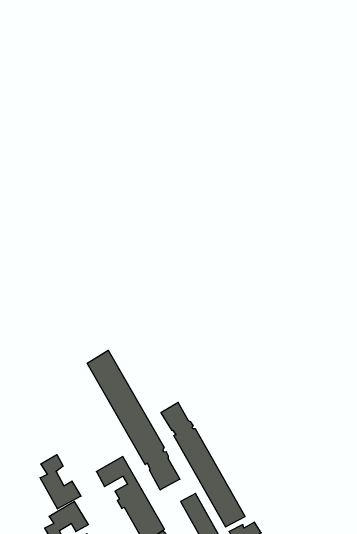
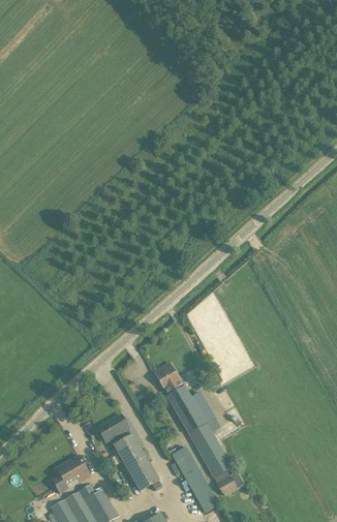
building: [87,350,180,490] -> none
building: [40,455,81,509] -> none

